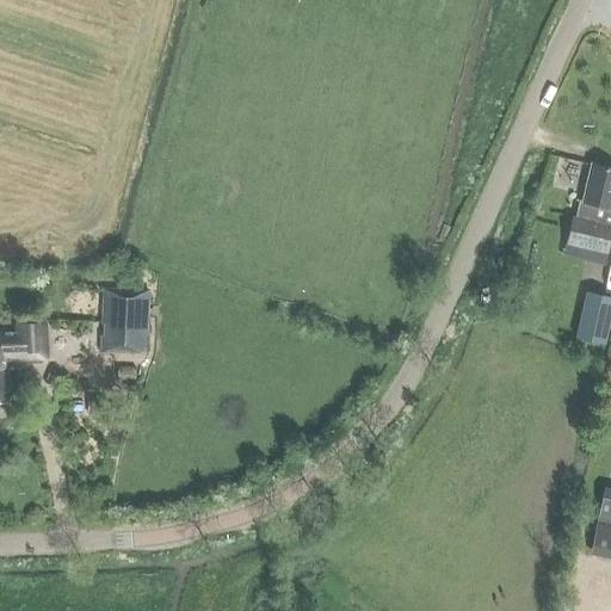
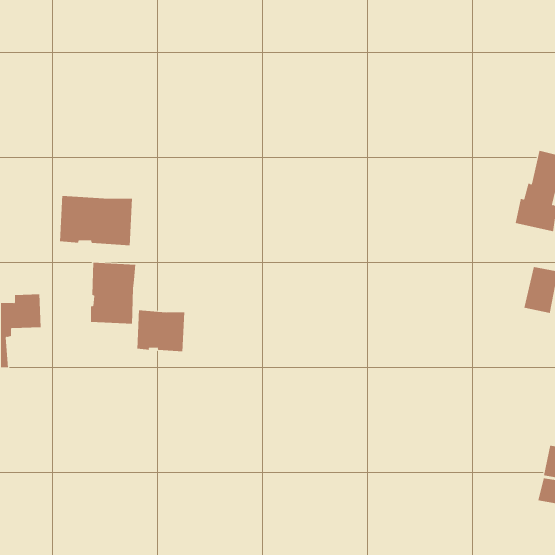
building: none -> [59,195,133,246]
building: none -> [137,310,185,352]

